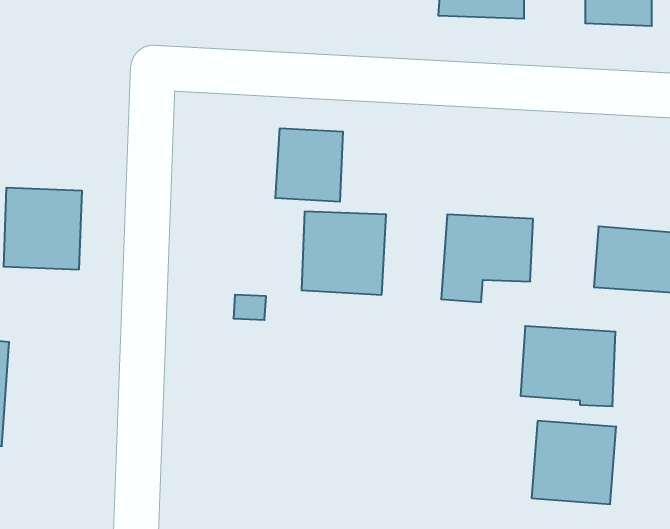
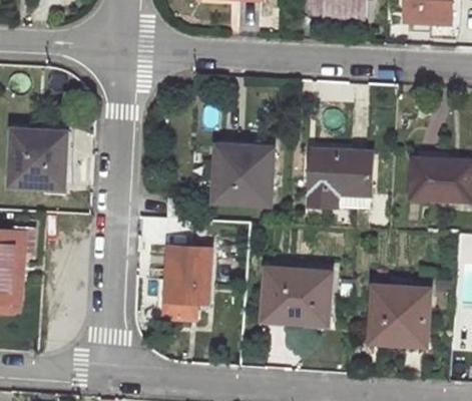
building: [275,128,343,202] -> none
building: [521,326,616,406] -> [265,270,329,324]
building: none -> [167,247,210,304]

